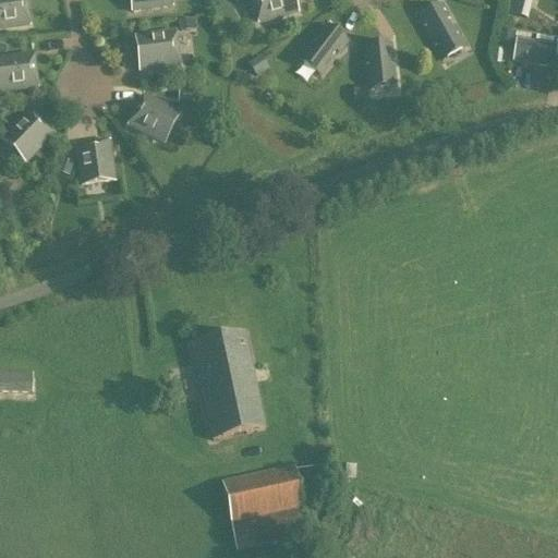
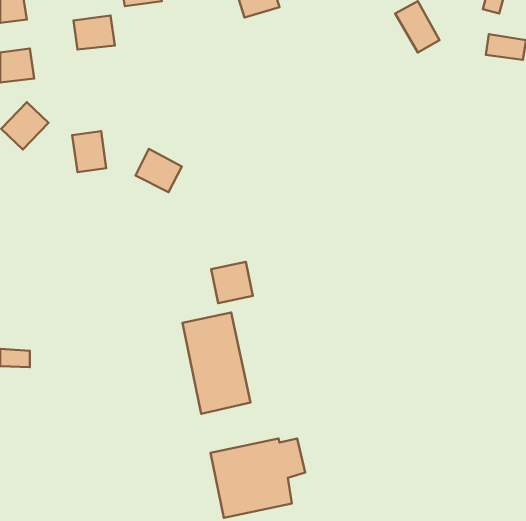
building: [300,21,348,71] -> none
building: [136,29,180,65] -> [73,15,115,50]
building: [364,39,396,84] -> none
building: [130,93,179,138] -> [135,149,182,192]
building: none -> [211,262,253,303]

